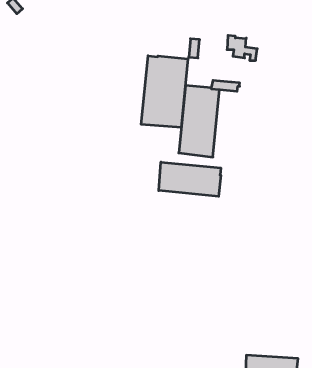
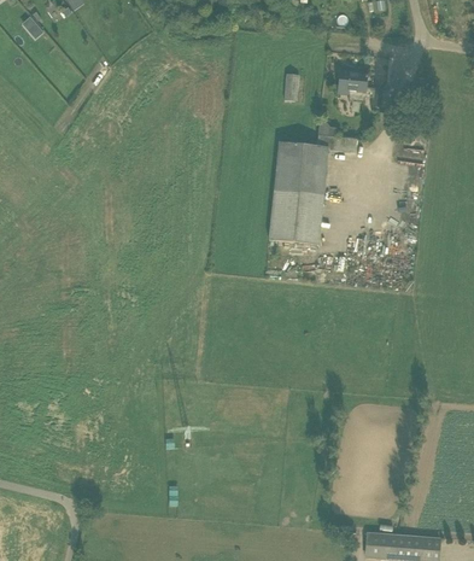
building: [141,56,188,128] -> none
building: [159,162,221,196] -> none

